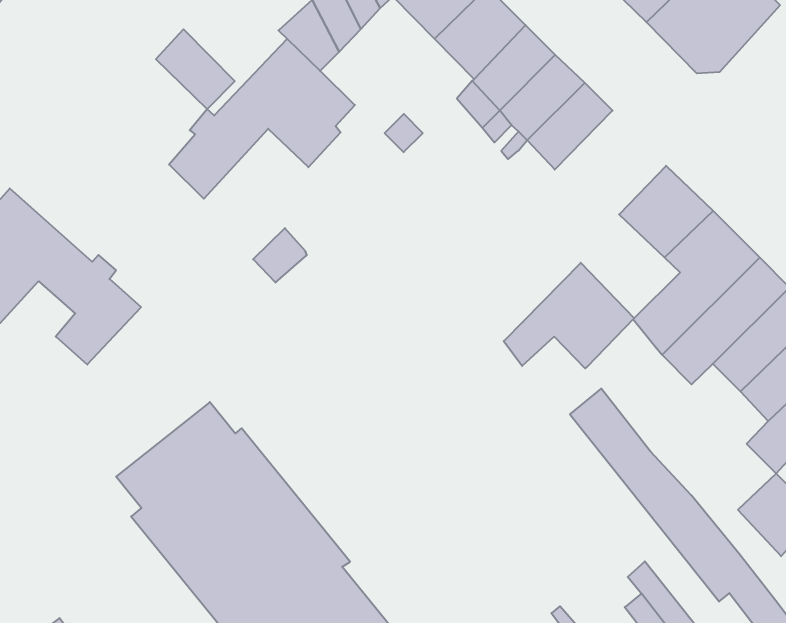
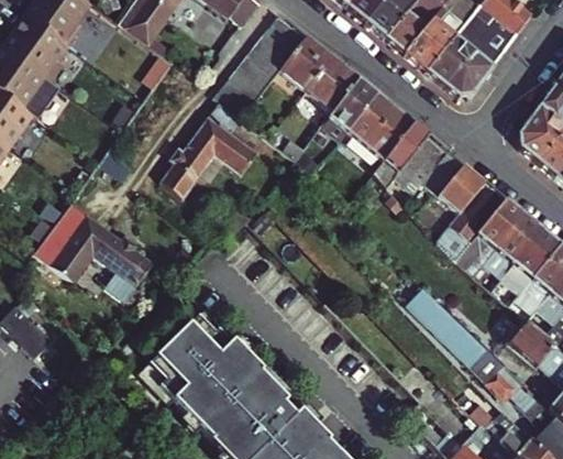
building: [156,29,235,109] -> none
building: [504,263,634,368] -> [373,122,446,185]

